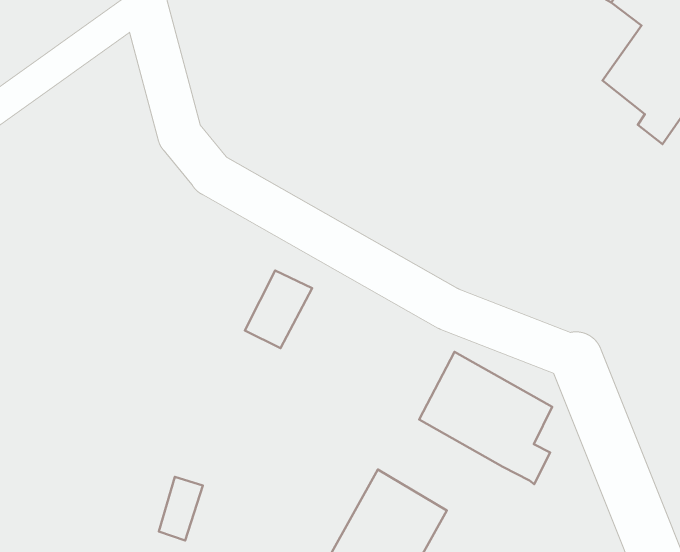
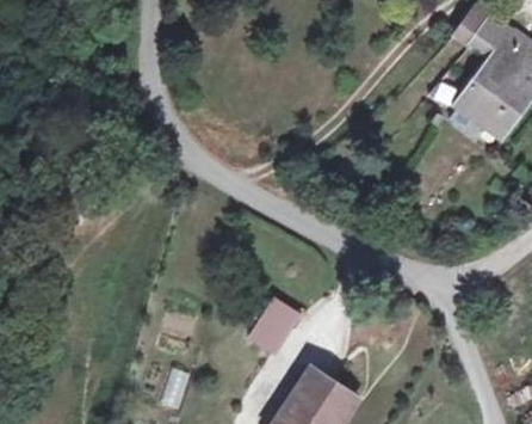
building: [245,270,312,348] -> [252,299,297,351]
building: [419,352,552,484] -> none

